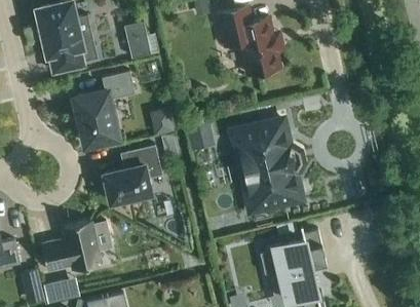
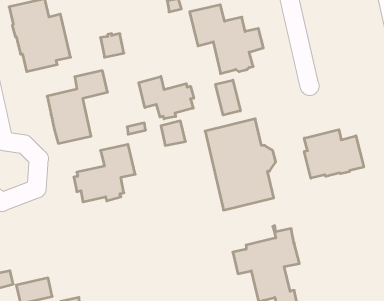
building: none -> [139,76,194,119]
building: none -> [216,80,240,115]
building: none -> [304,130,364,178]
building: [41,221,101,270] -> none

